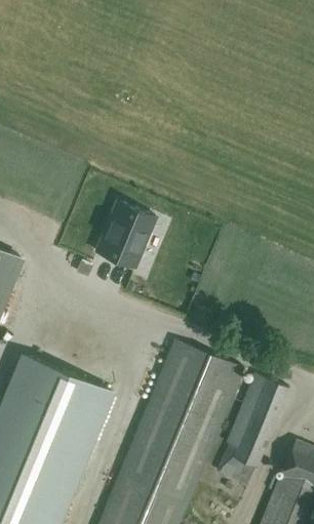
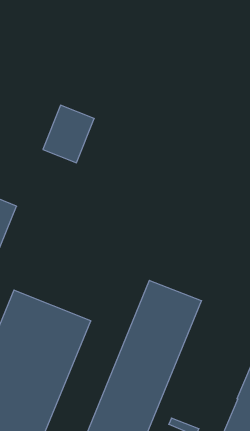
building: [94,201,154,268] -> [43,105,94,163]
building: [217,376,289,487] -> none

